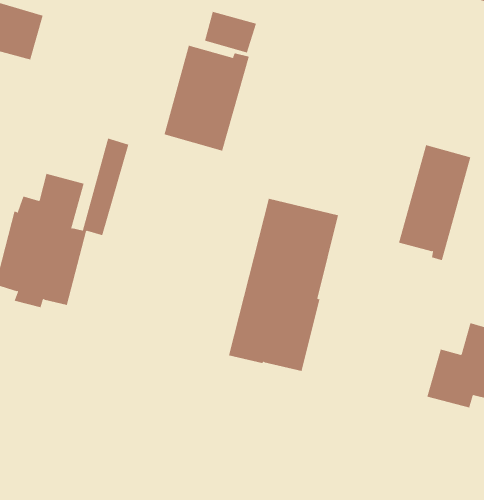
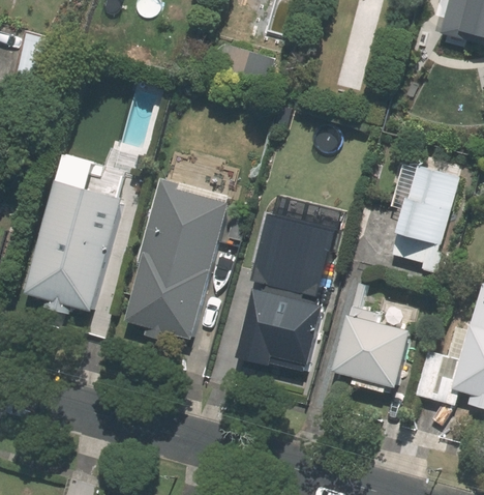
building: [164,45,249,152] -> none
building: none -> [125,182,223,341]
building: none -> [332,288,413,391]

